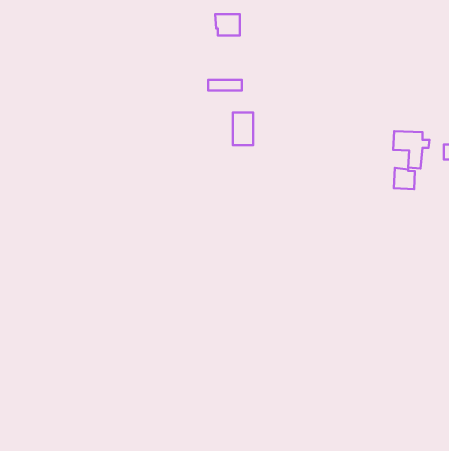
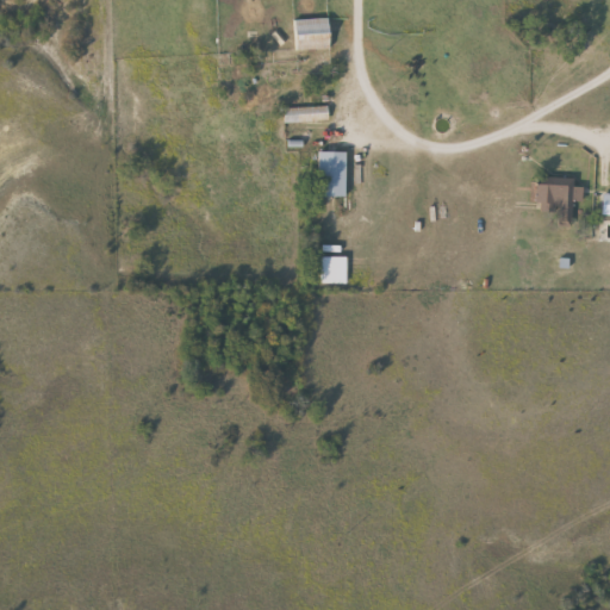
building: [394,168,415,189] -> none
building: none -> [323,256,348,284]

